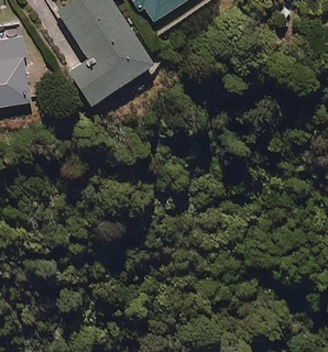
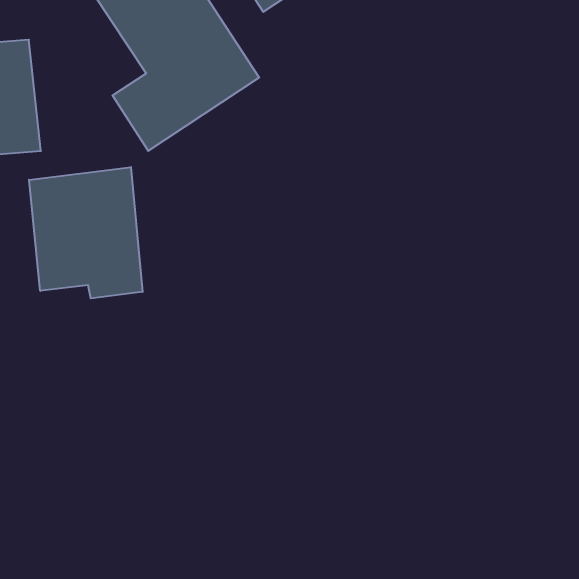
building: none -> [29,167,143,298]

